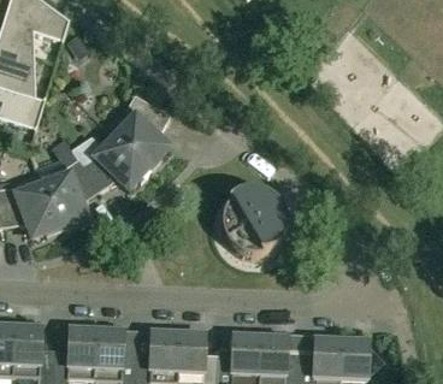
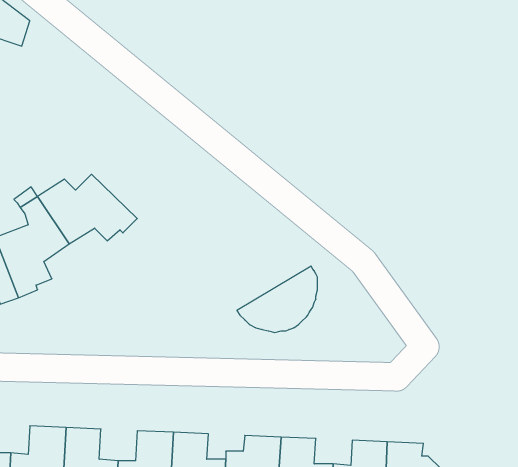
building: [113,93,167,169] -> none
building: [219,189,280,238] -> none

